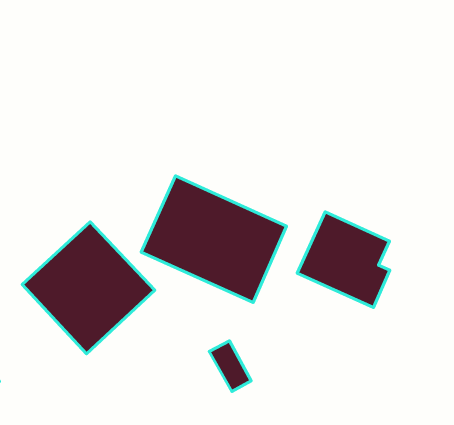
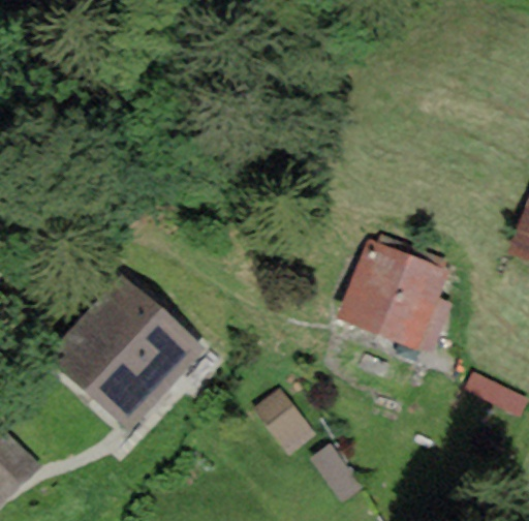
building: [141,176,287,303] -> none

